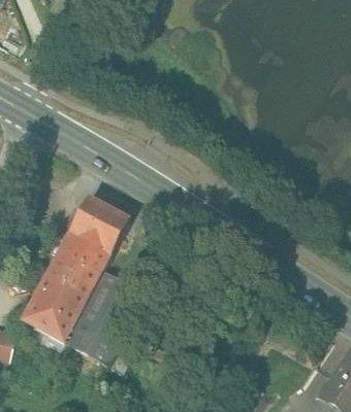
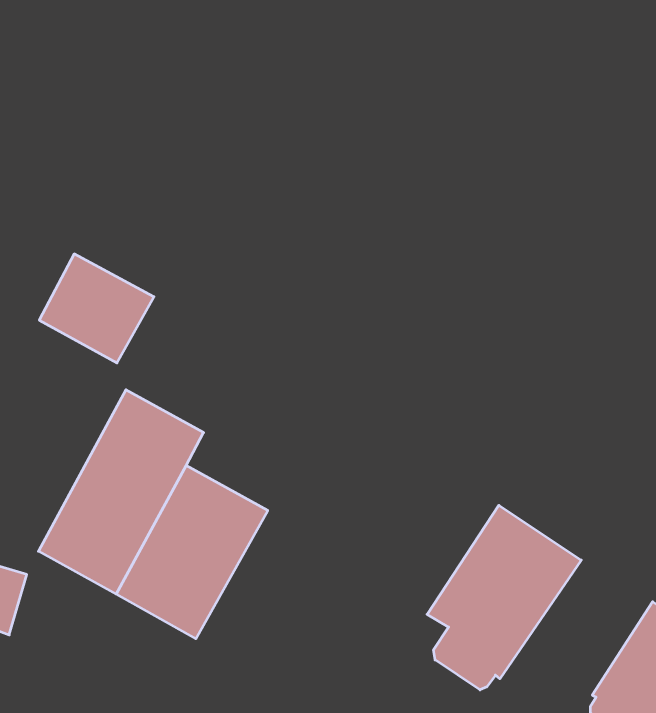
building: [68,199,129,256] -> [39,254,154,363]
building: none -> [427,505,581,690]

